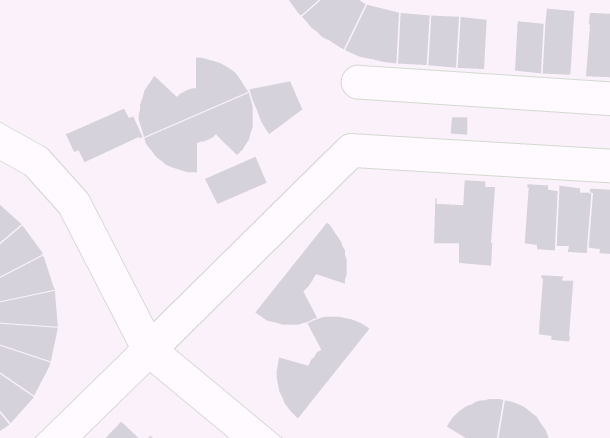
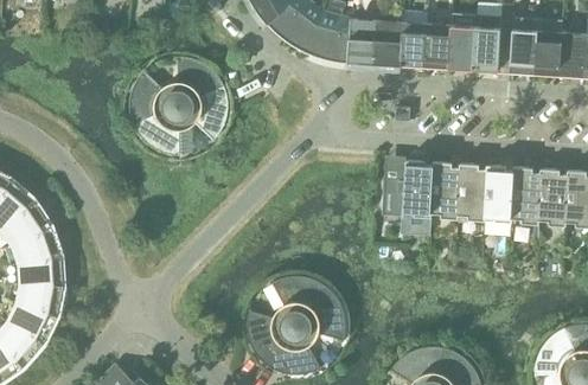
building: none -> [424,24,452,68]
building: [248,80,303,135] -> none
building: [65,108,143,163] -> none
building: [204,156,267,205] -> none
building: [254,222,347,325] -> [266,287,345,374]
building: [538,275,574,342] -> [430,162,461,219]

